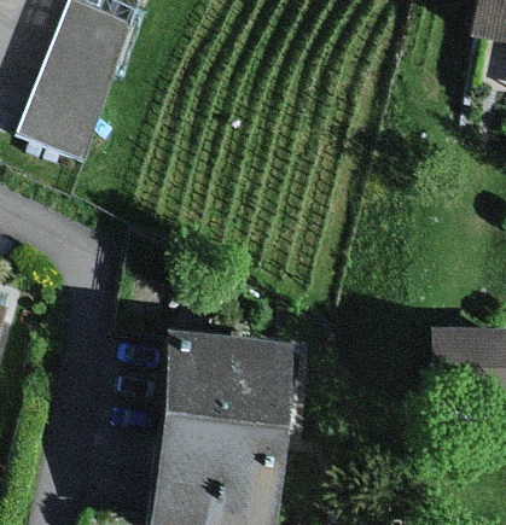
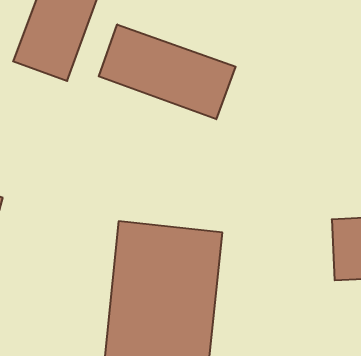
building: none -> [99,24,236,119]

